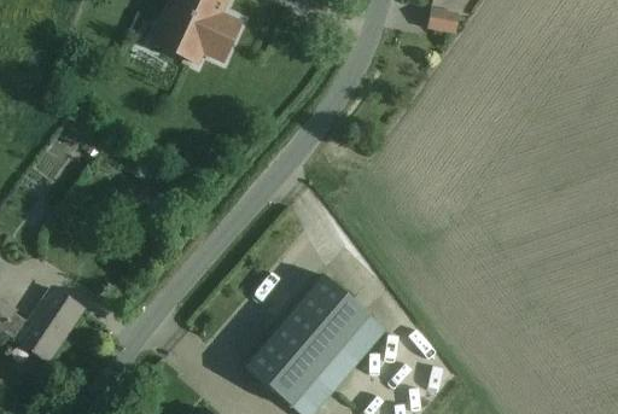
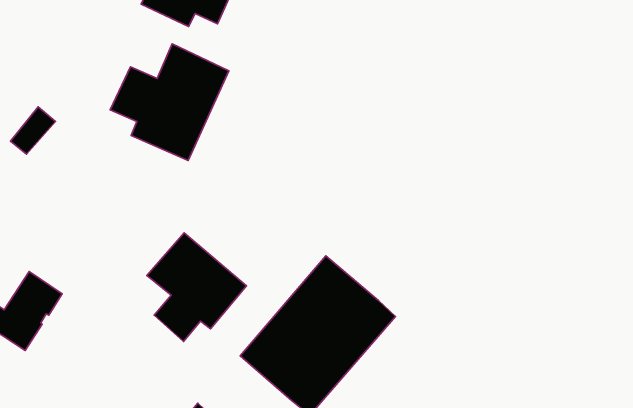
building: none -> [110,44,229,161]
building: none -> [147,233,246,341]

